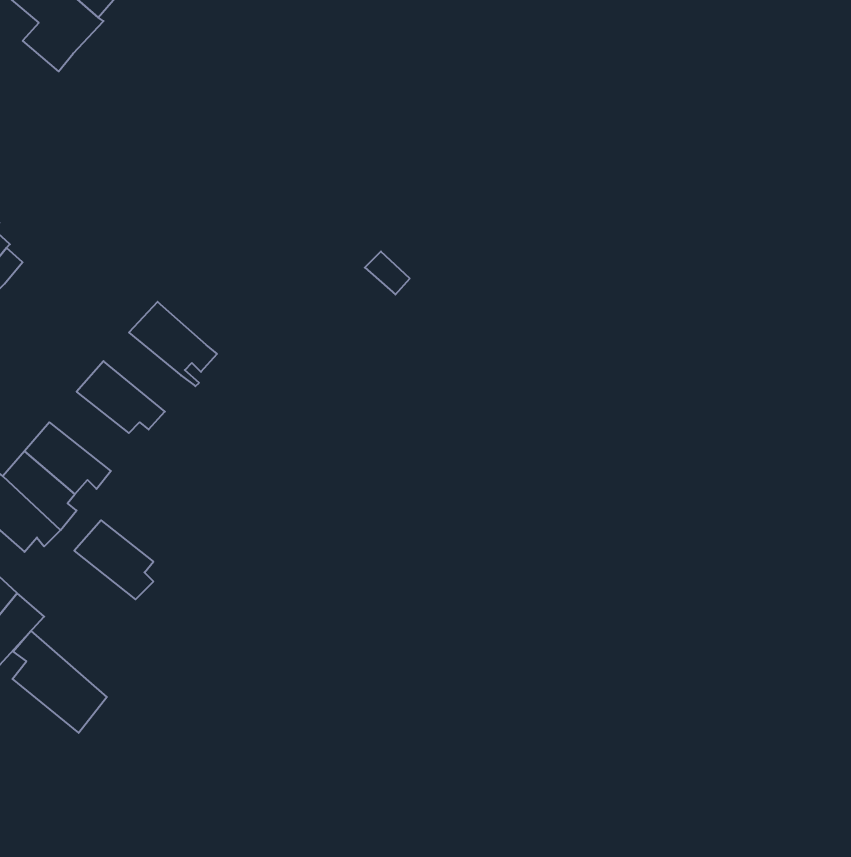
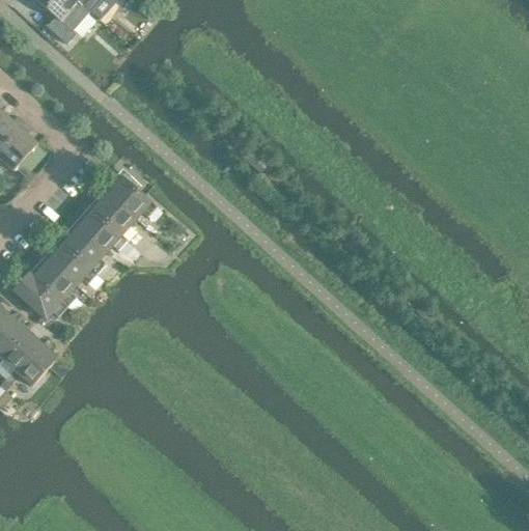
building: none -> [89,193,134,239]
building: [74,520,153,599] -> [58,227,104,273]
building: [12,631,107,733] -> none

